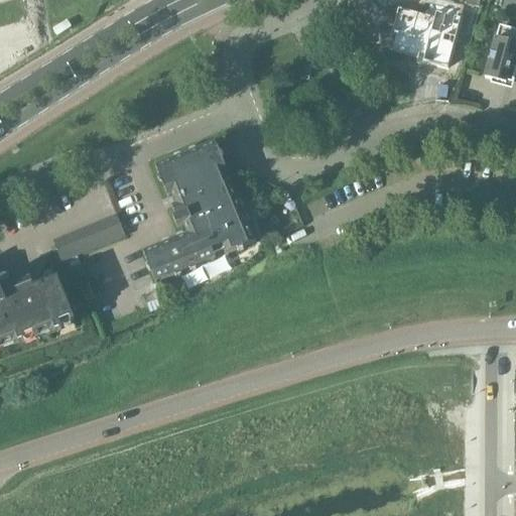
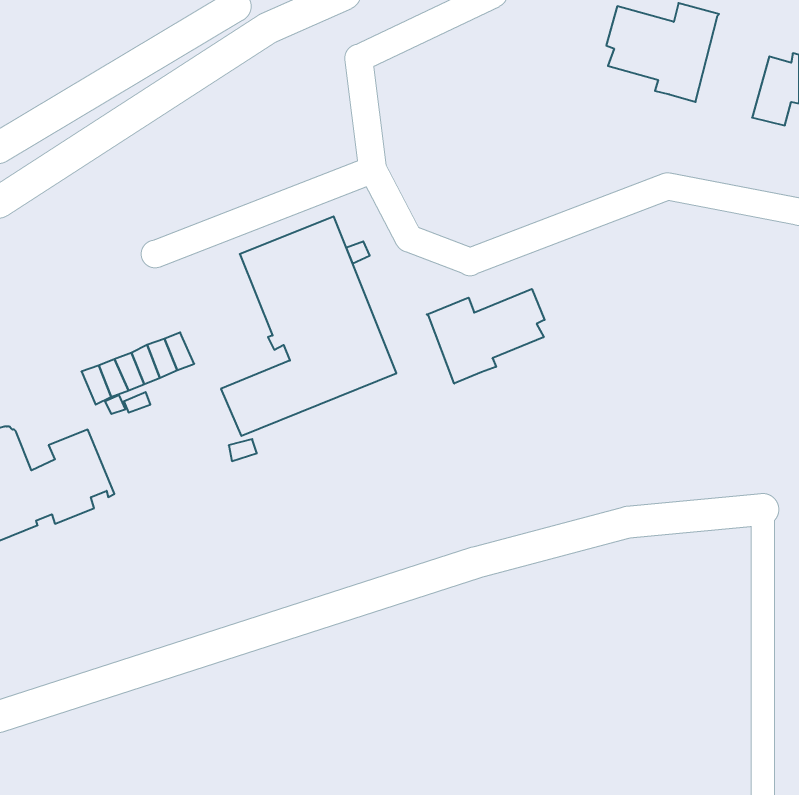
building: none -> [427,289,545,384]

